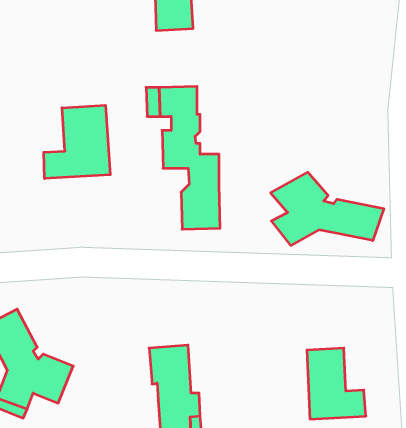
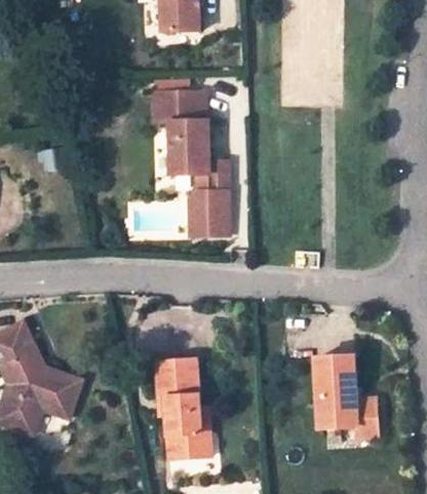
building: [44,105,110,179] -> none
building: [271,172,384,245] -> none

